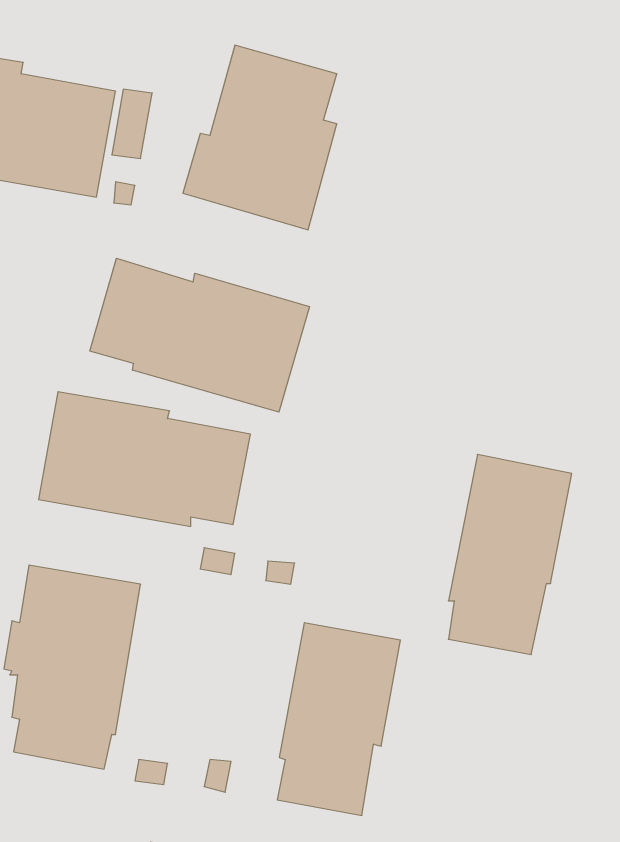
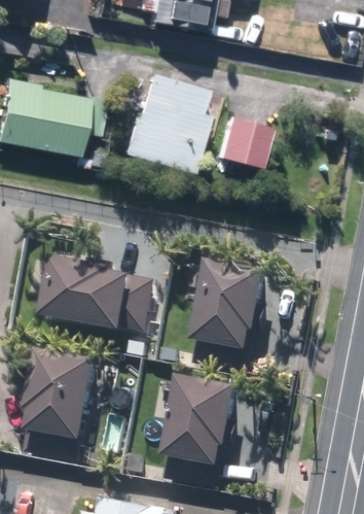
building: none -> [212,114,265,165]
building: [90,258,309,412] -> none
building: [448,454,572,655] -> [194,262,260,369]

